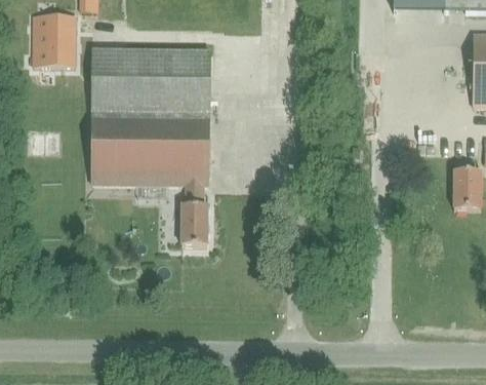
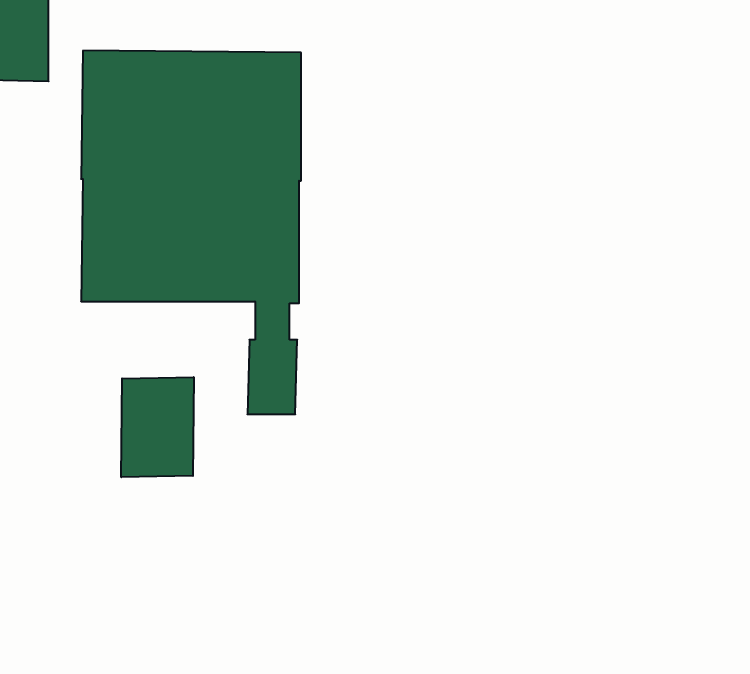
building: none -> [121,377,194,477]

